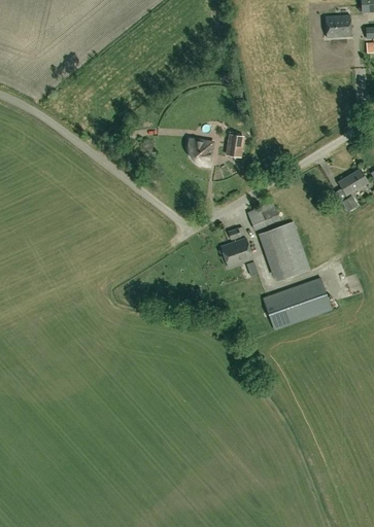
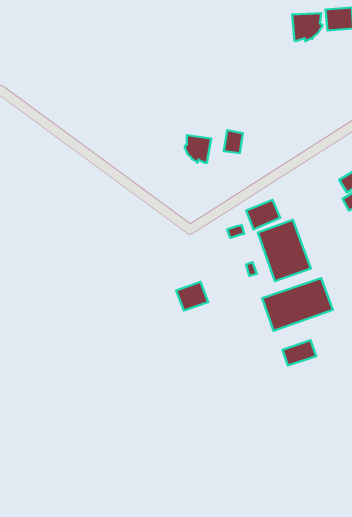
building: none -> [292,13,322,42]
building: [222,239,252,267] -> [176,282,208,311]
building: none -> [283,340,316,365]

